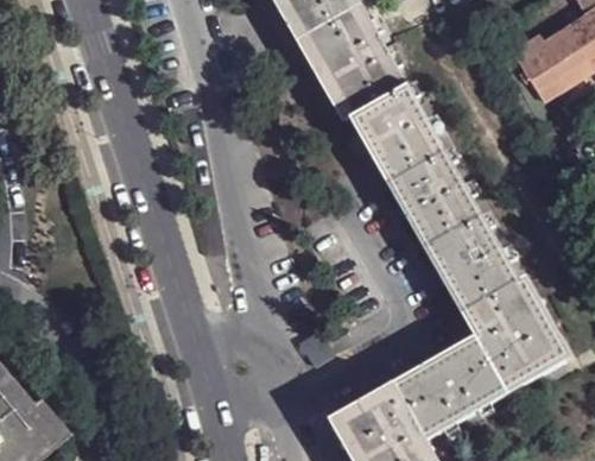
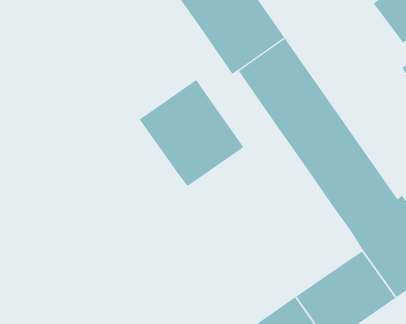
building: none -> [139,79,244,187]

